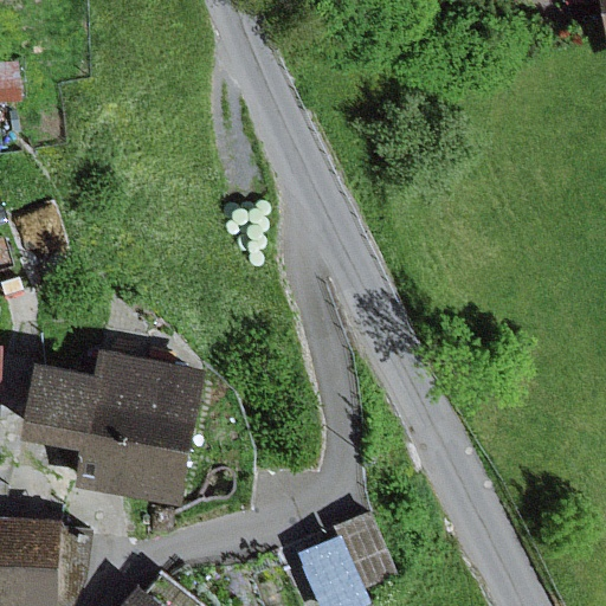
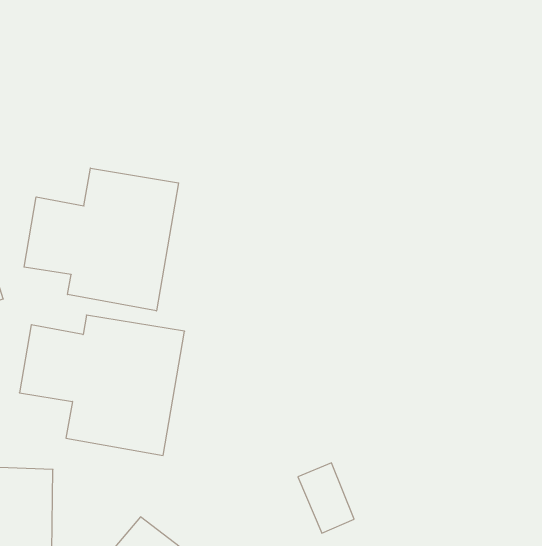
building: none -> [24,168,179,311]

